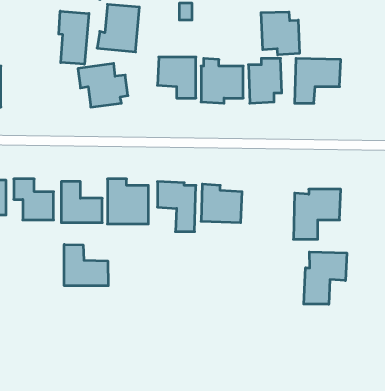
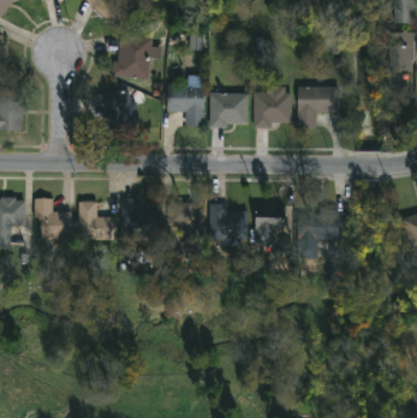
building: [59,11,89,64] -> none
building: [261,12,299,55] -> none
building: none -> [254,203,284,235]
building: [64,244,108,286] -> none
building: [304,252,347,304] -> none

